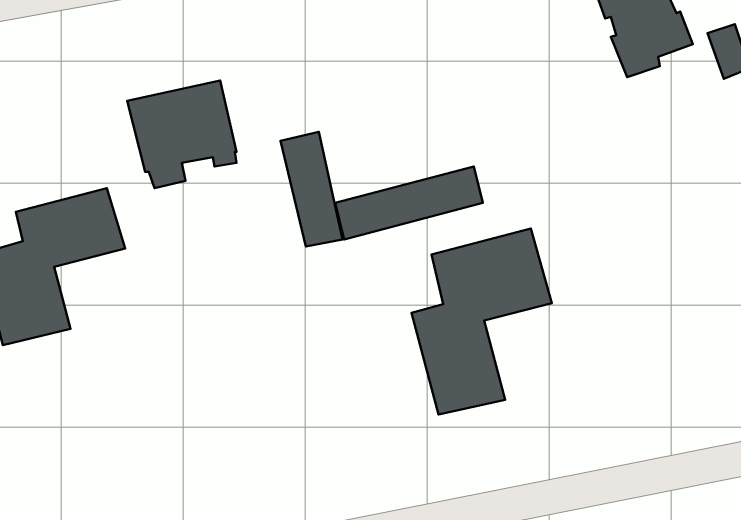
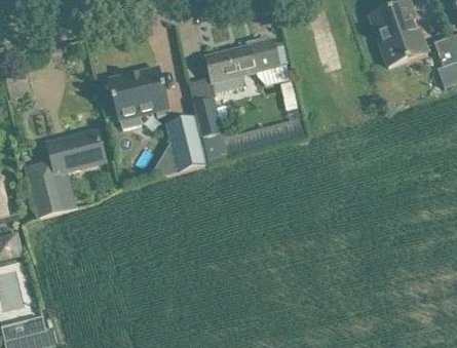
building: none -> [205,36,278,91]
building: none -> [166,114,207,170]
building: [412,228,552,415] -> none

